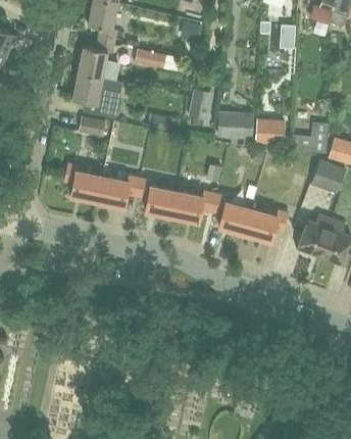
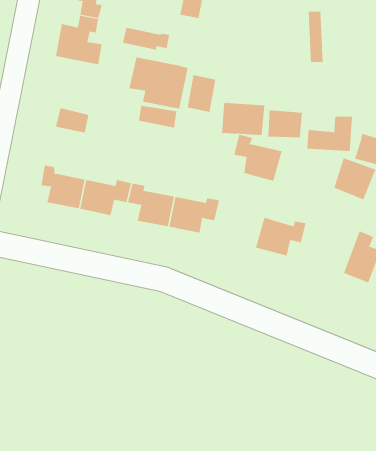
building: [71,74,121,117] -> [129,57,188,109]
building: [211,194,252,234] -> [234,134,282,182]
building: [296,214,332,255] -> none

